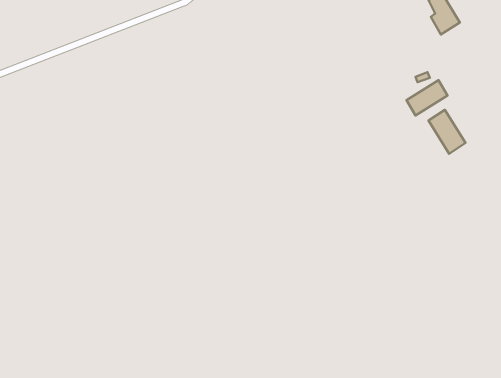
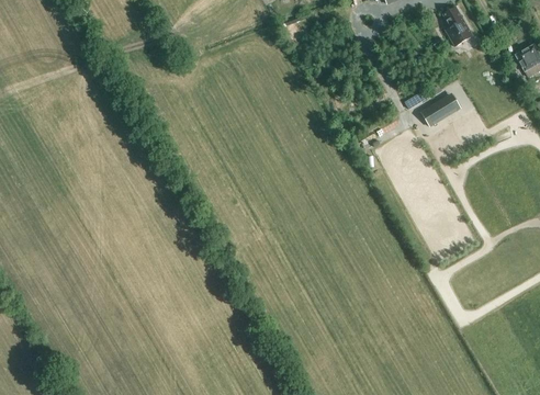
building: [428,110,465,154] -> none

